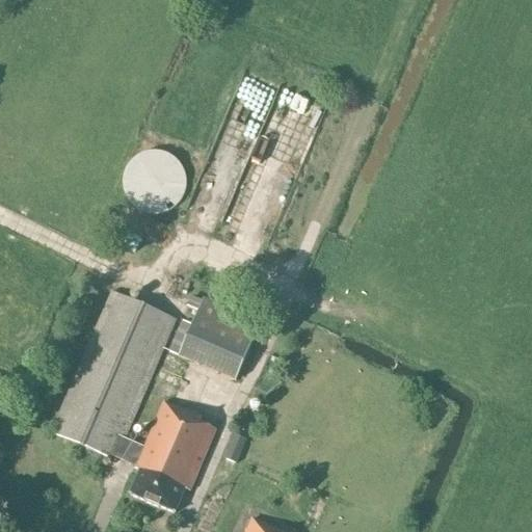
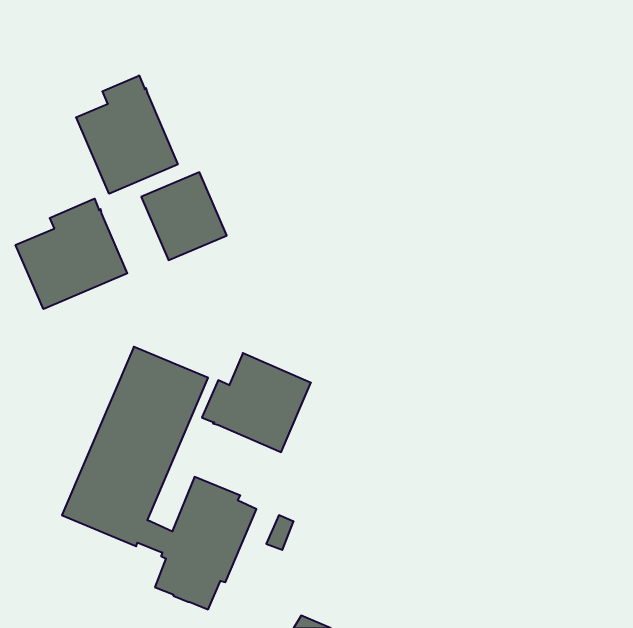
building: none -> [76,75,178,194]
building: none -> [16,199,127,309]

